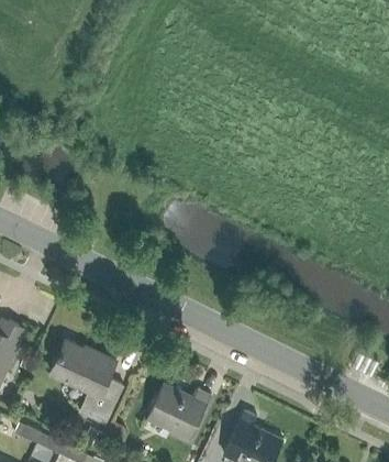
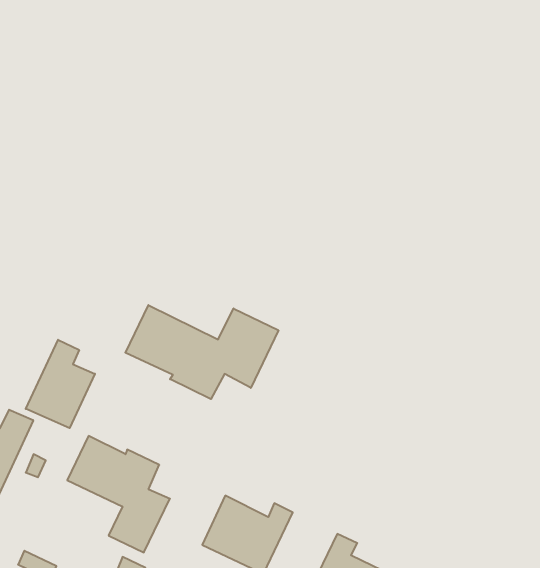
building: none -> [125,305,278,399]
building: none -> [26,340,95,428]

